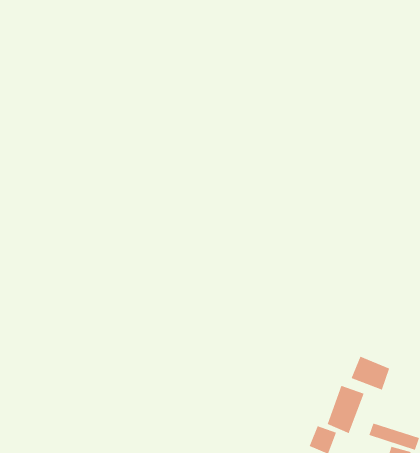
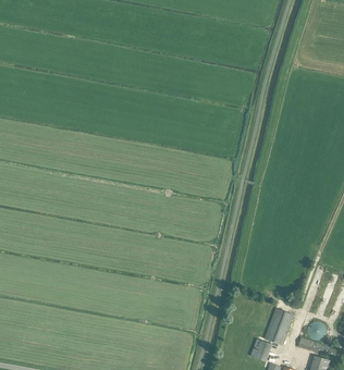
building: [351,356,390,391] -> none

